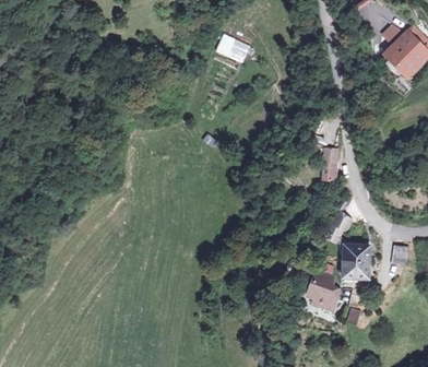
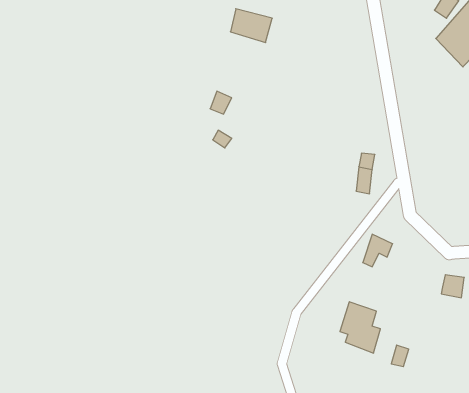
building: [338,246,369,279] -> none

